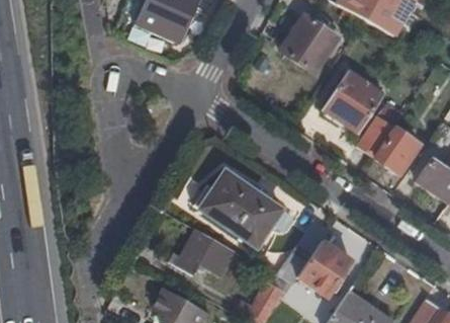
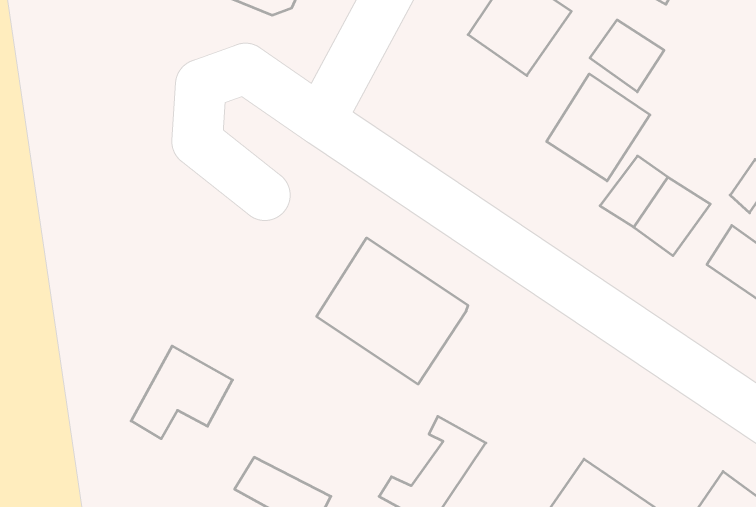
building: none -> [590,20,664,92]
building: [172,229,230,281] -> [131,346,233,439]
building: [297,237,352,295] -> none

